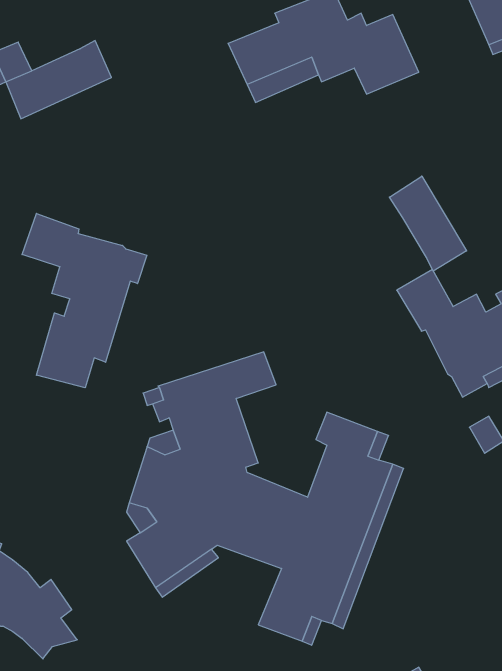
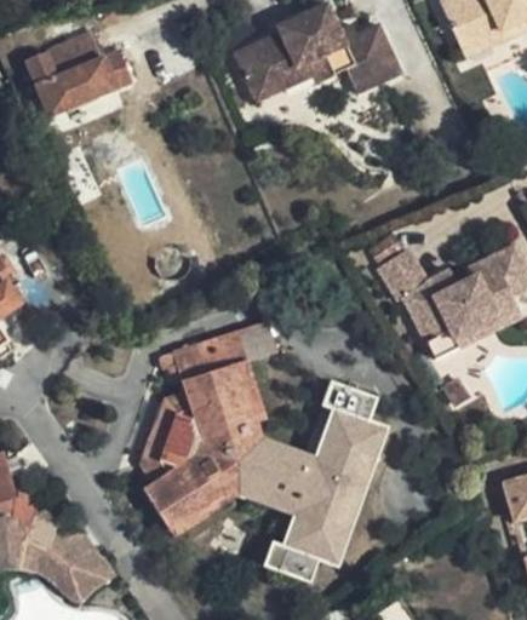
building: none -> [47,29,102,74]
building: [389,176,467,271] -> none
building: [22,213,147,388] -> none

